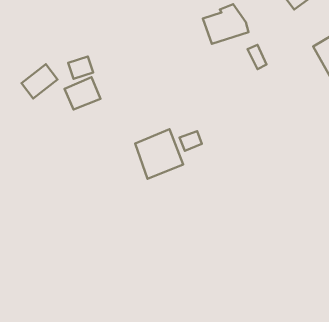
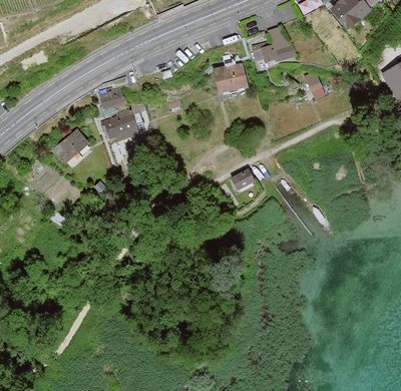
building: none -> [214,59,253,93]
building: [21,64,57,98] -> [52,127,92,165]
building: [135,129,183,179] -> none

